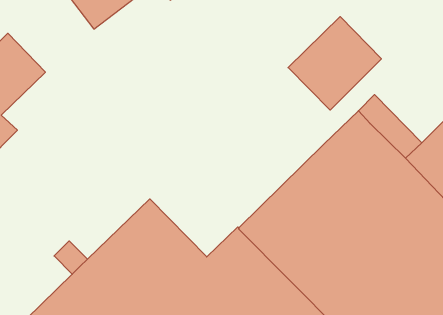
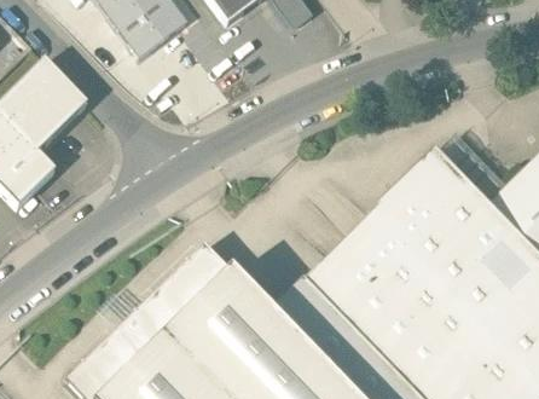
building: [288,17,381,110] -> none

